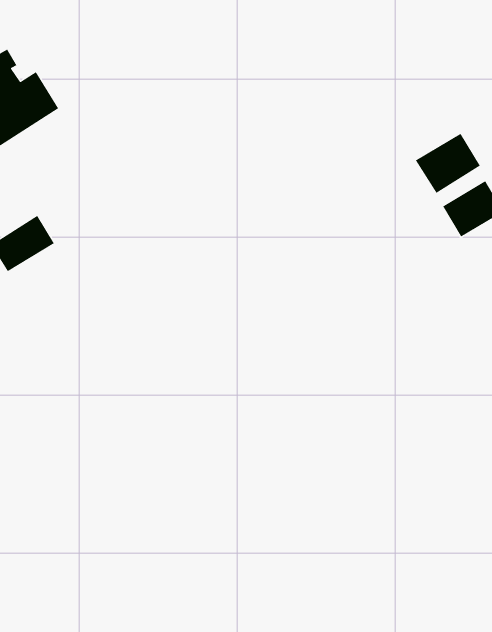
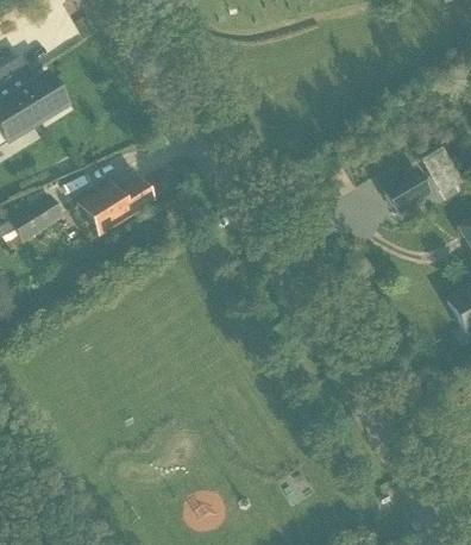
building: [415,133,481,194] -> none
building: none -> [80,180,153,233]

